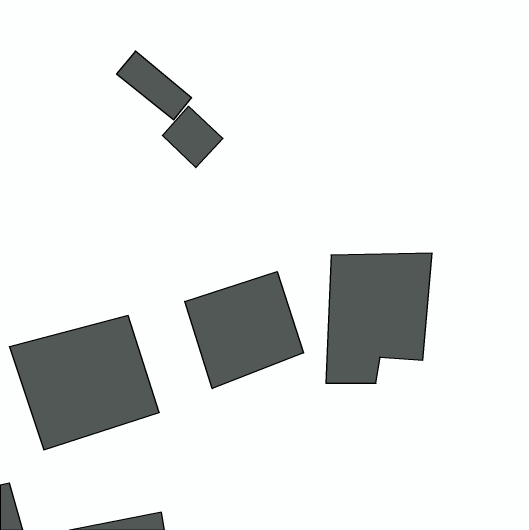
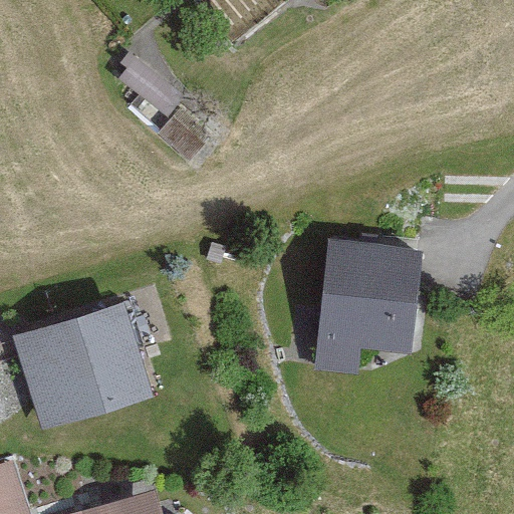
building: [185,272,304,389] -> none

